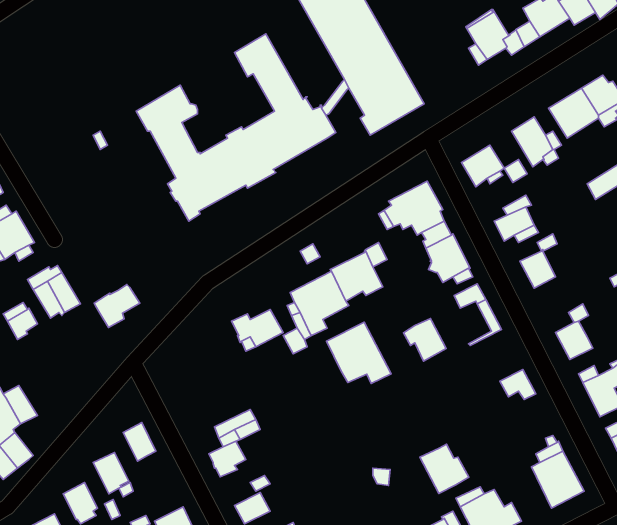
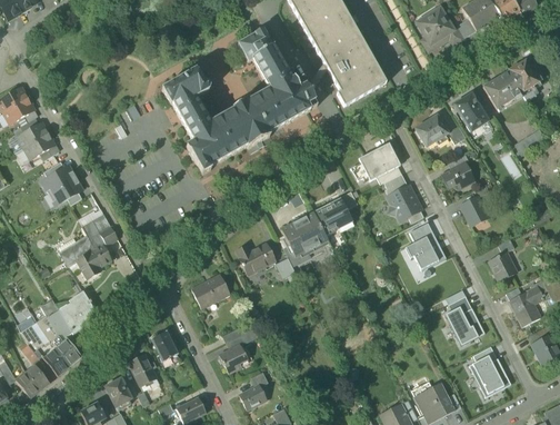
building: [94,285,140,327] -> [76,245,111,278]
building: [403,318,446,361] -> [404,236,438,269]
building: [326,322,391,384] -> none
building: none -> [189,273,229,306]
building: none -> [70,290,98,325]
building: none -> [444,306,484,345]
building: [420,444,469,494] -> none

